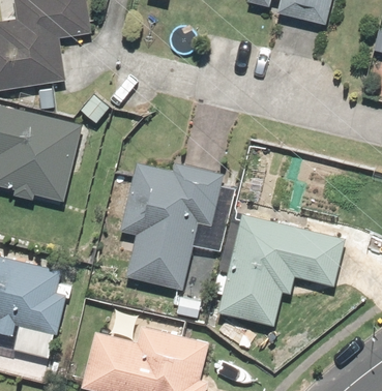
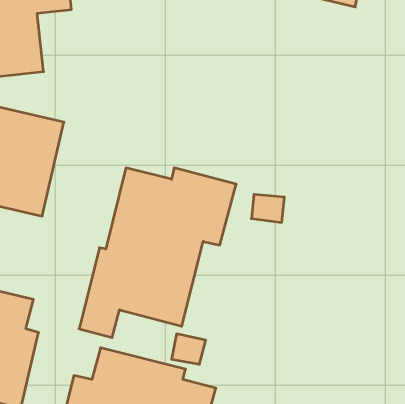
building: [214,214,344,328] -> none

